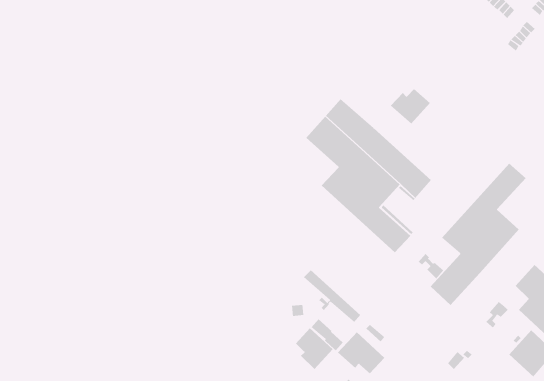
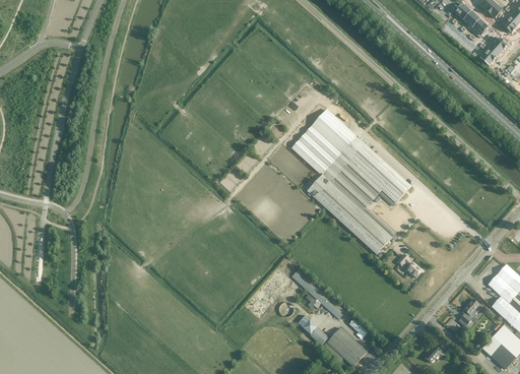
building: [390,88,431,125] -> none
building: [430,163,527,306] -> none
building: [295,327,333,370] -> none

